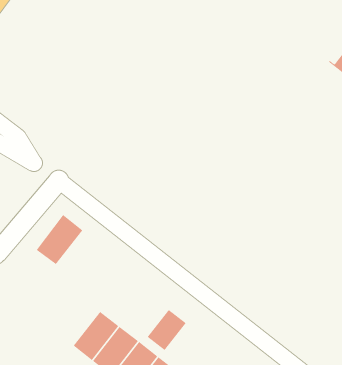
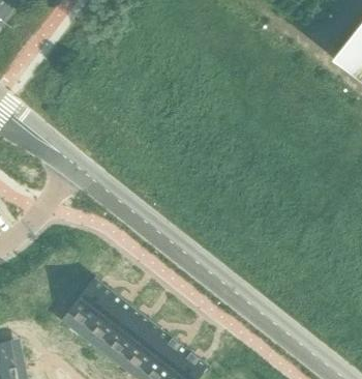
building: [36,214,83,265] -> [67,288,113,337]
building: [147,309,186,351] -> none

